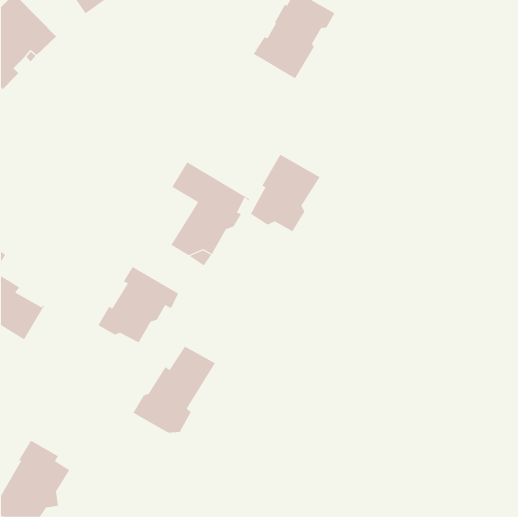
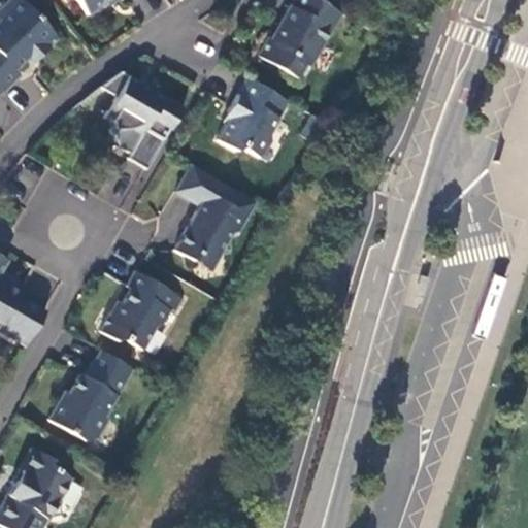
building: none -> [101,71,183,169]
building: [250,154,320,232] -> [217,78,288,158]
building: [133,346,216,433] -> [47,351,132,439]

